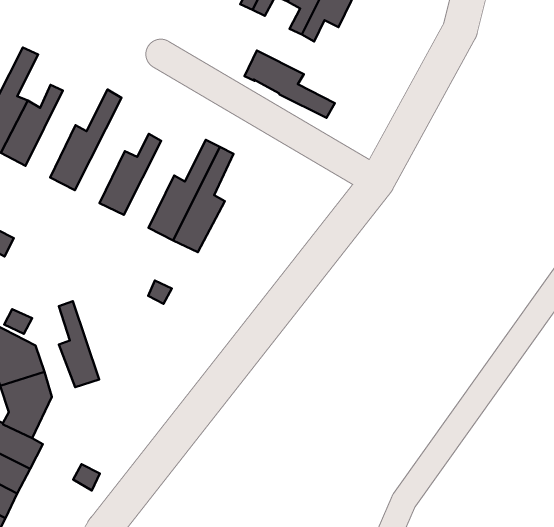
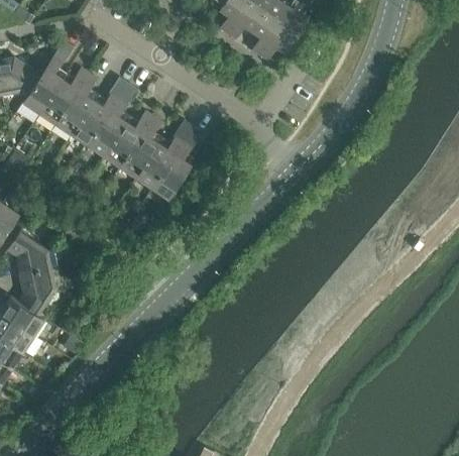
building: [244,51,335,118] -> none
building: none -> [55,75,96,134]
building: none -> [88,85,138,156]
building: none -> [120,118,160,178]
building: [59,301,99,387] -> none

